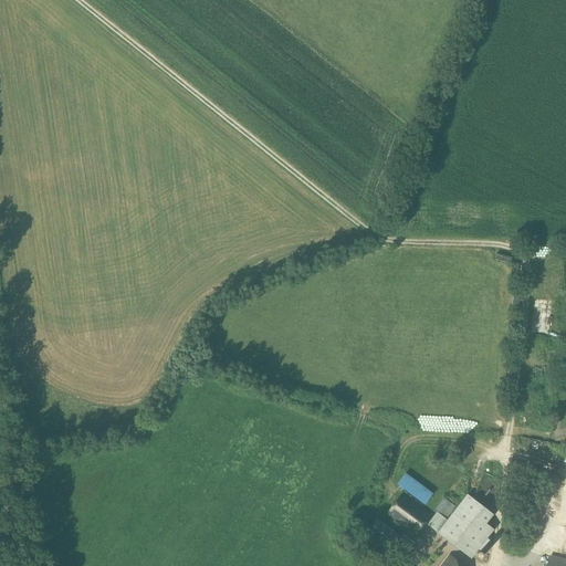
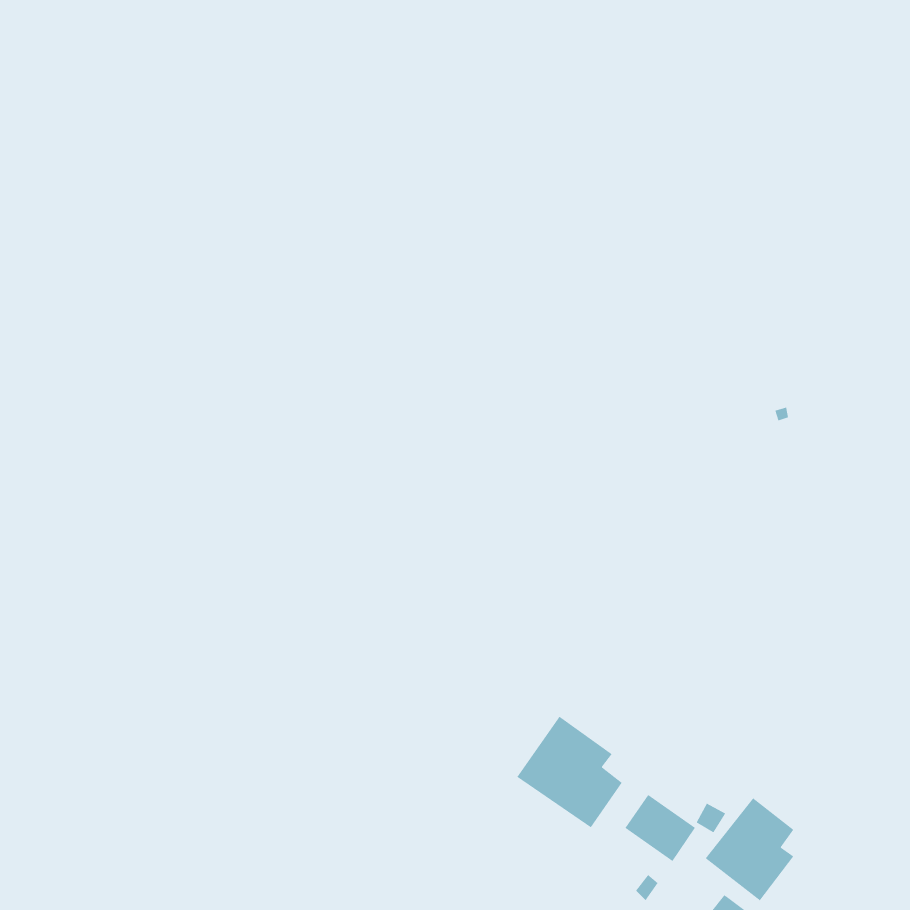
building: none -> [517,716,623,828]

